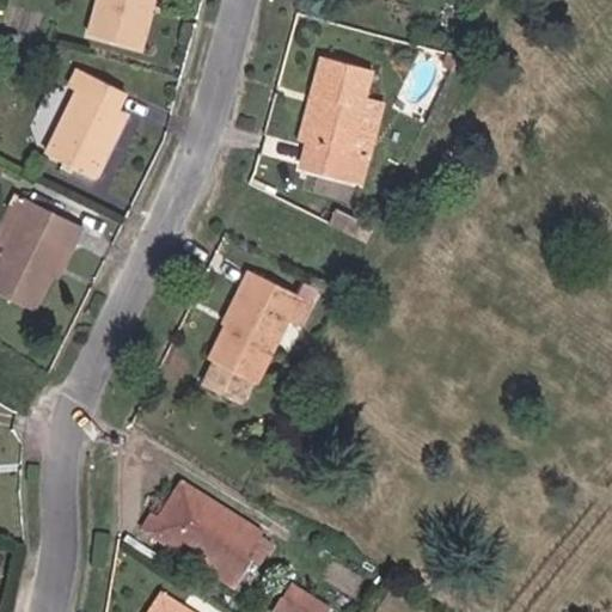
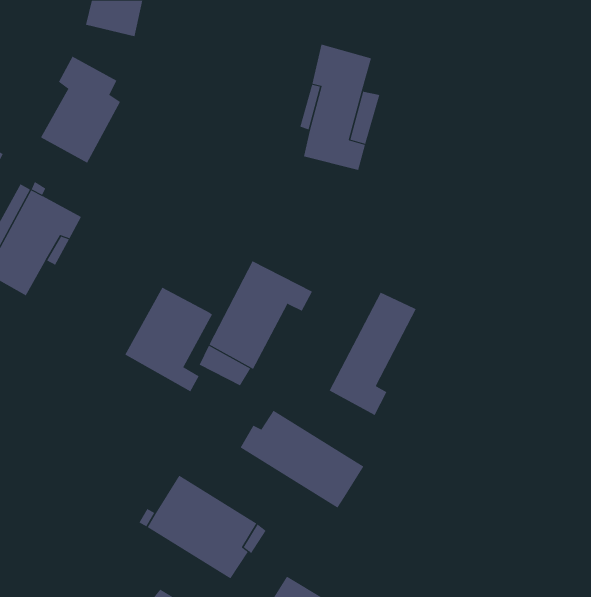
building: none -> [124,287,213,392]
building: none -> [329,292,416,416]
building: none -> [240,410,364,508]

